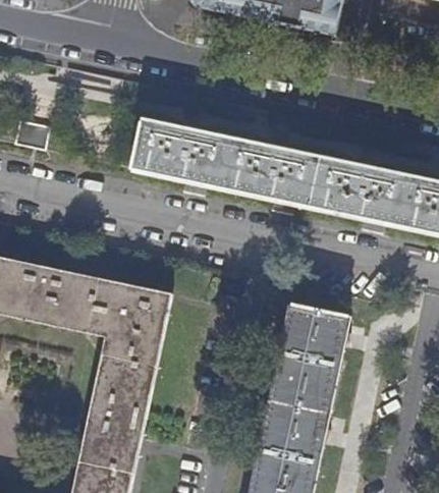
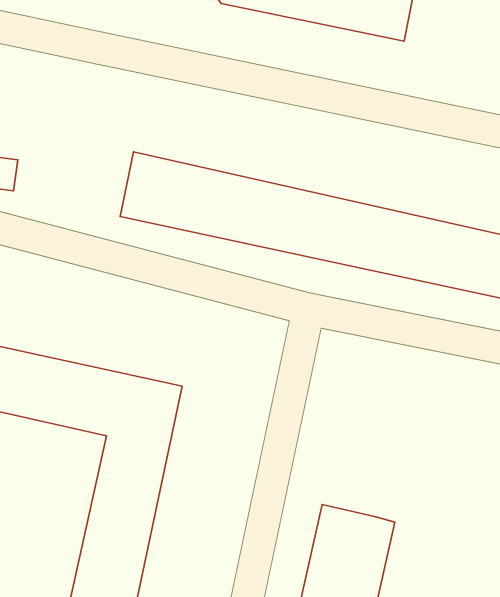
building: [275,304,346,396] -> none

